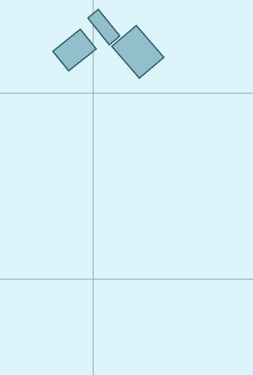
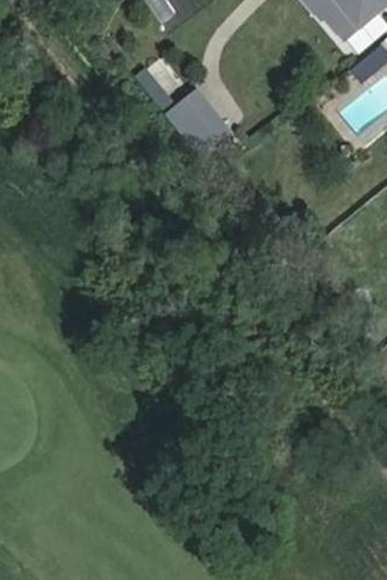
building: [53,29,96,71] -> none

